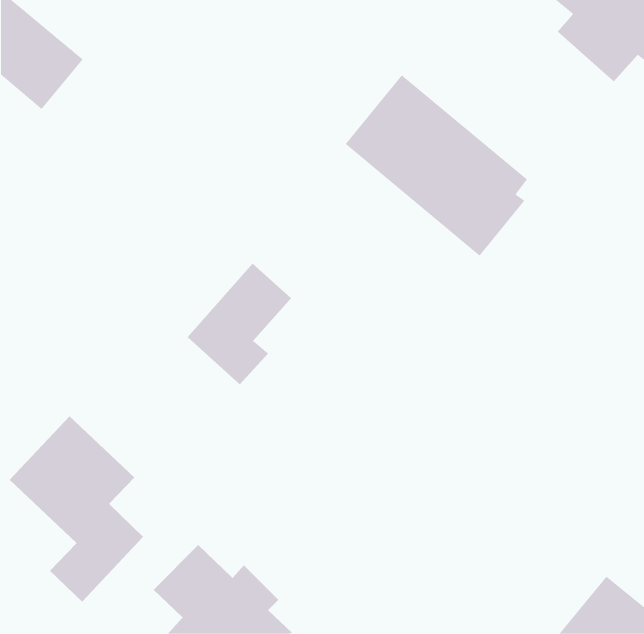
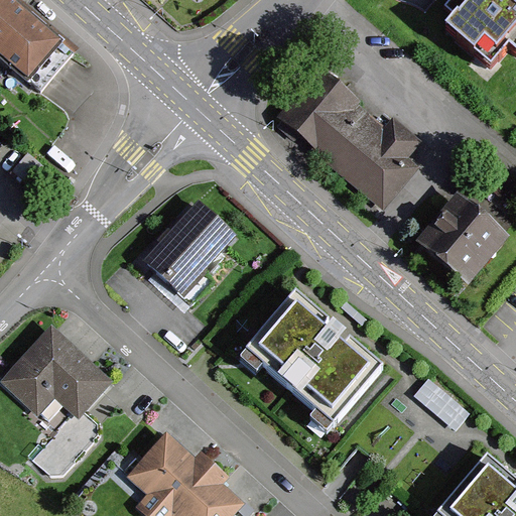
building: none -> [405,189,501,284]
building: none -> [246,294,382,425]
building: none -> [413,379,468,428]

